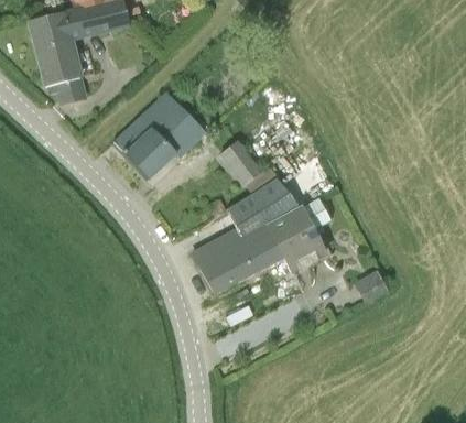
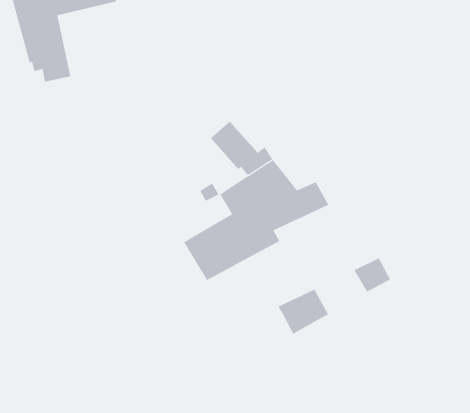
building: [112,93,206,180] -> none
building: [278,227,326,270] -> [278,289,329,335]

